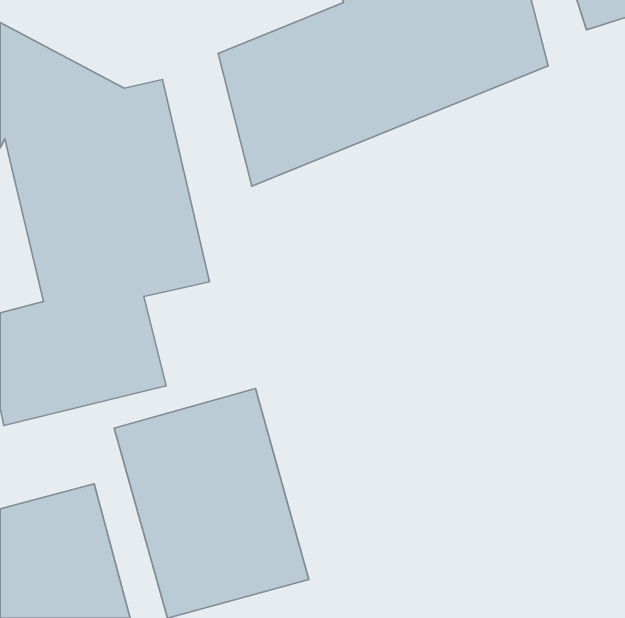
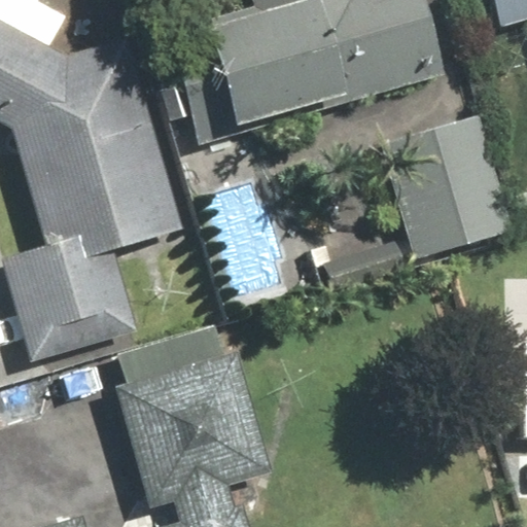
building: none -> [382,114,518,271]

